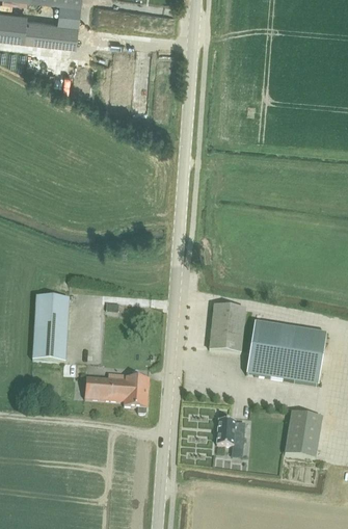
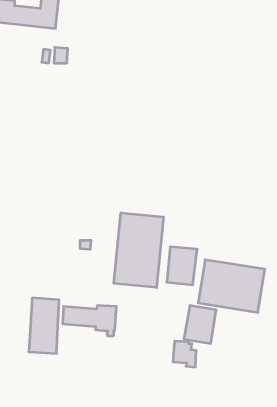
building: none -> [114,213,163,288]
building: [32,294,69,361] -> [29,298,59,353]
building: [284,411,322,456] -> [184,305,216,343]

